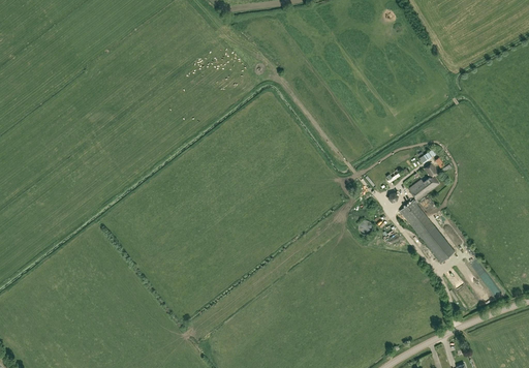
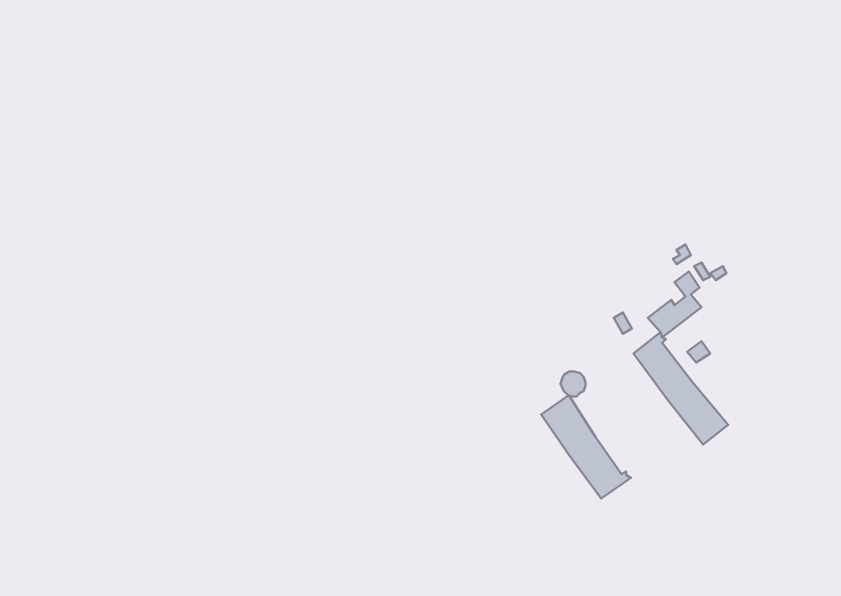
building: none -> [541,395,631,499]

